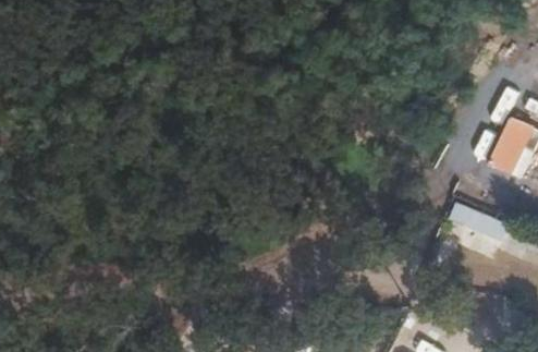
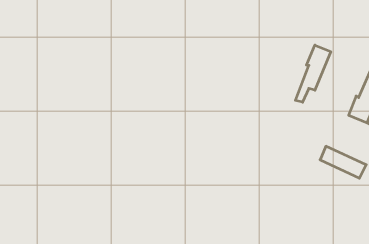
building: none -> [295,45,331,102]

